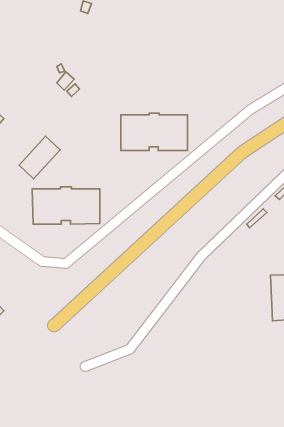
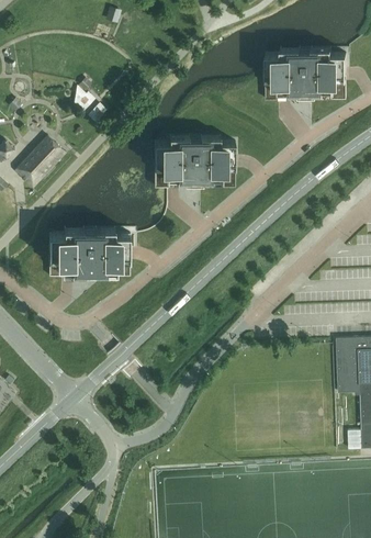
building: none -> [265,52,345,97]
building: [19,136,60,179] -> [14,133,64,184]

